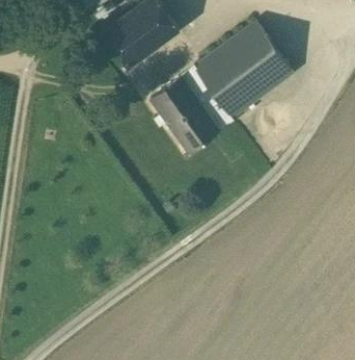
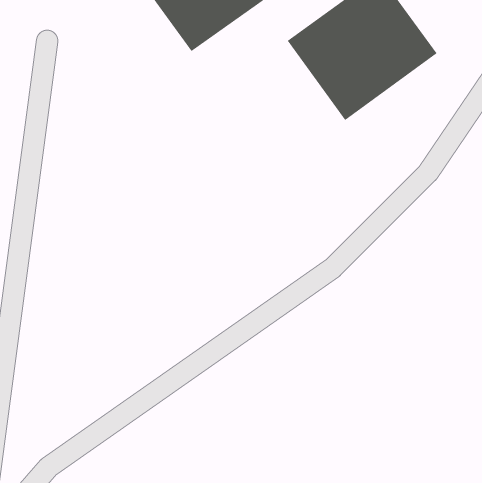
building: [147,66,229,150] -> none

